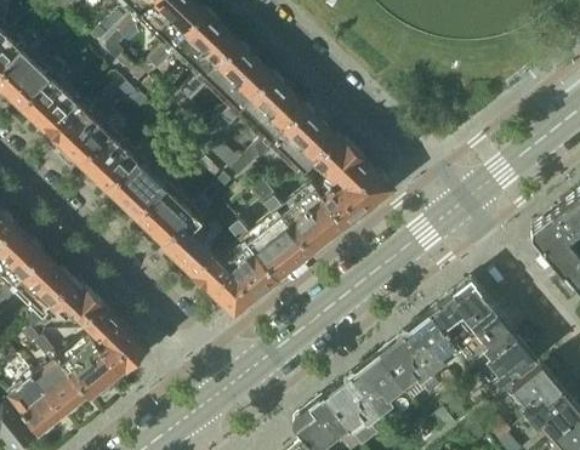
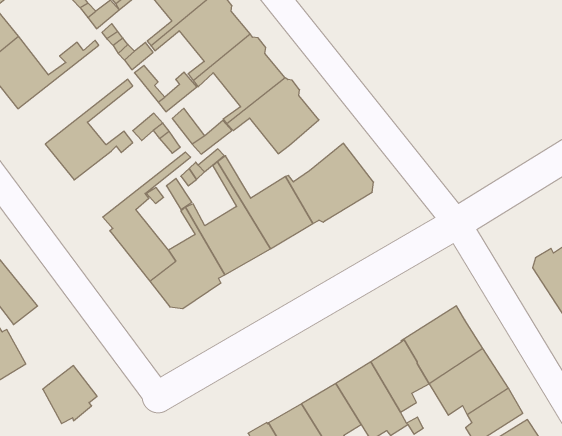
building: [84,99,172,188] -> none
building: [314,136,359,182] -> none
building: [138,178,228,243] -> none
building: [98,324,144,374] -> [43,366,97,424]

